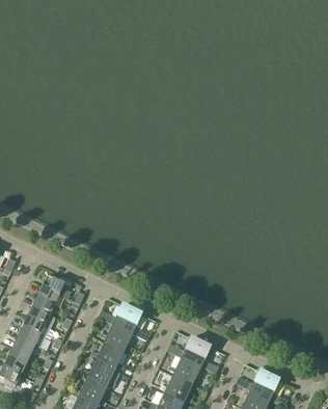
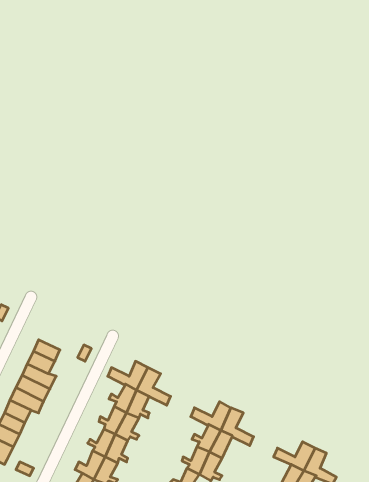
building: [39,278,71,300] -> none

